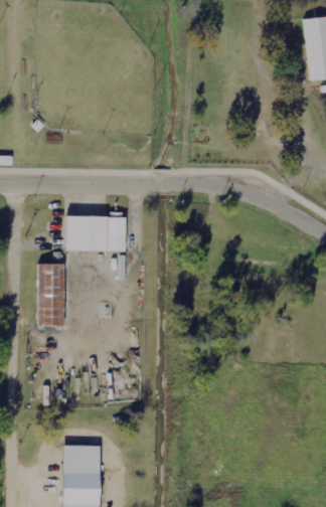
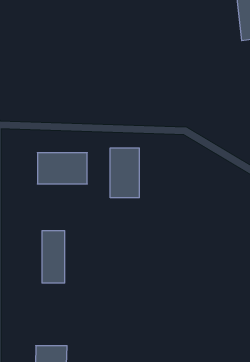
building: none -> [110,148,139,198]
building: [37,264,64,326] -> [42,231,65,283]

